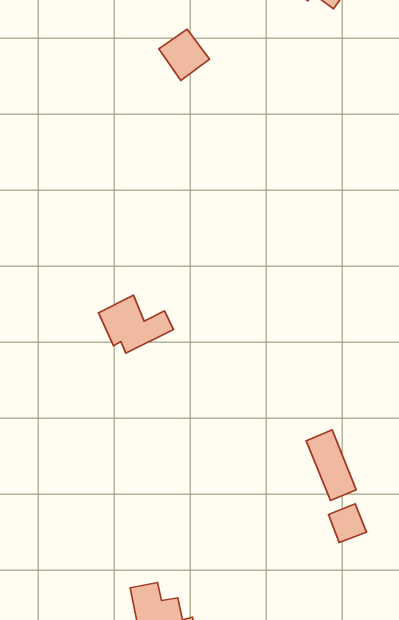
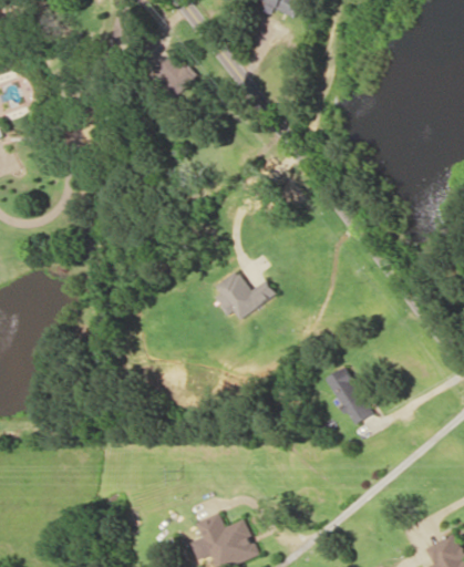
building: [99,295,174,353] -> [212,270,276,319]
building: [329,504,367,543] -> none

